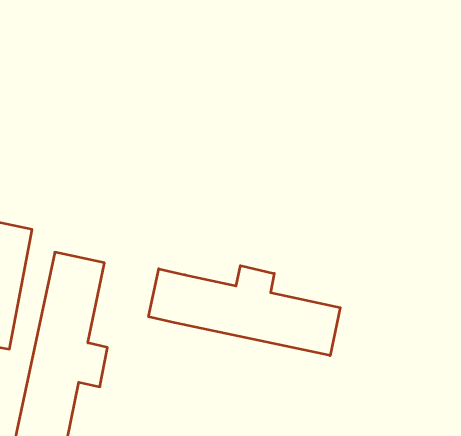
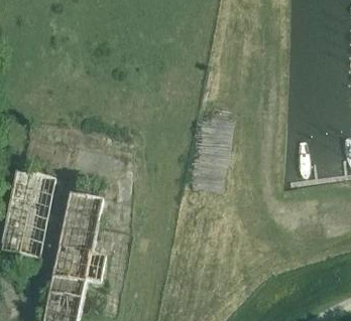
building: [149,266,340,356] -> none

